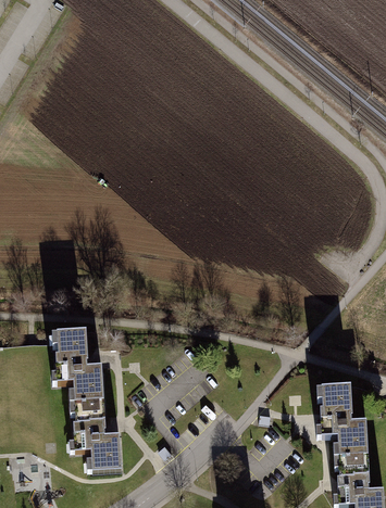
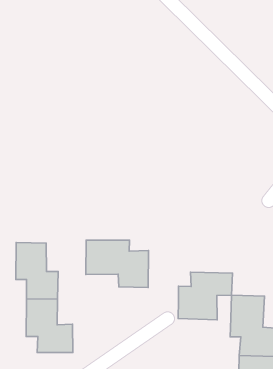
building: none -> [86,240,148,287]
building: none -> [178,272,233,320]

